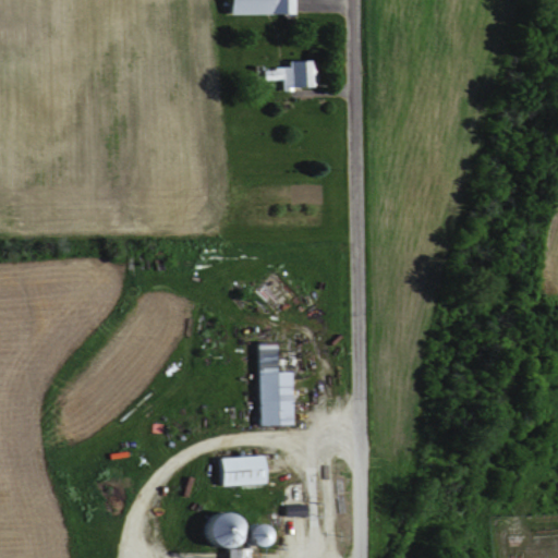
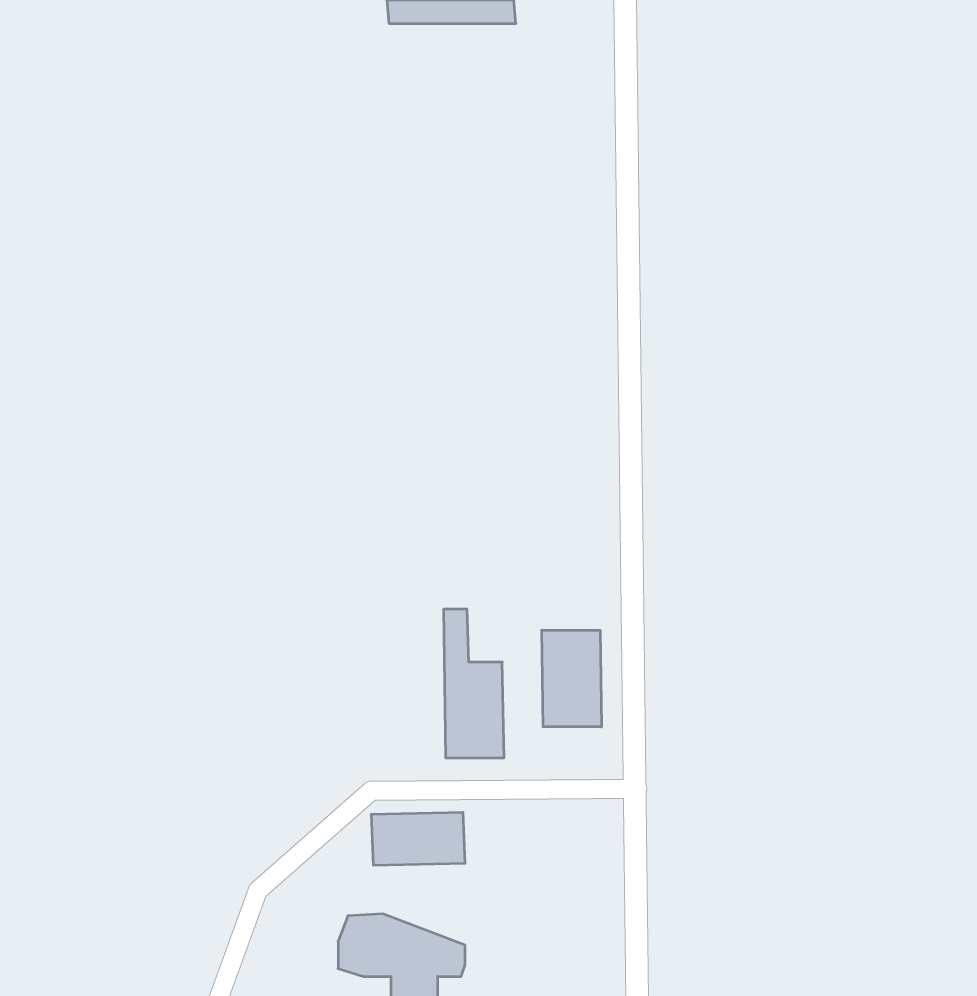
building: [267,60,319,89] -> none
building: none -> [542,630,601,727]

